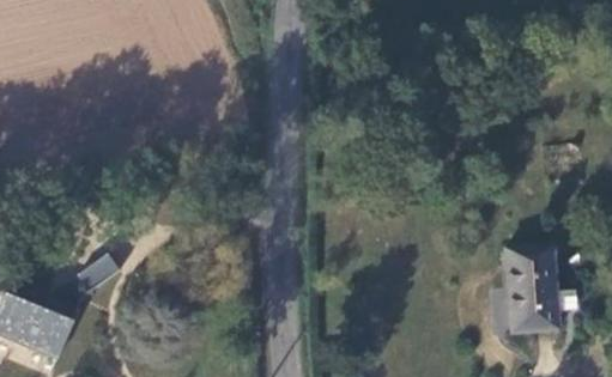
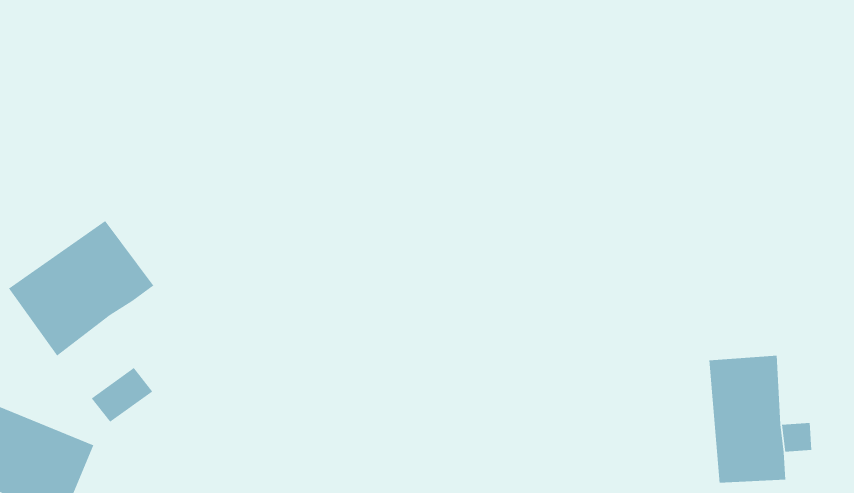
building: none -> [8,220,154,356]

